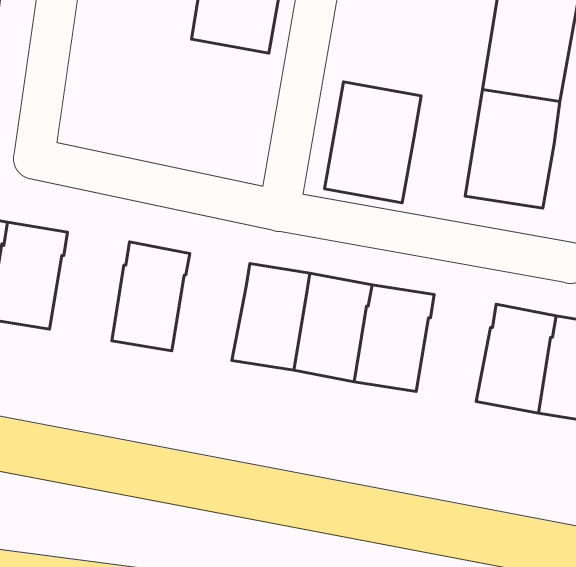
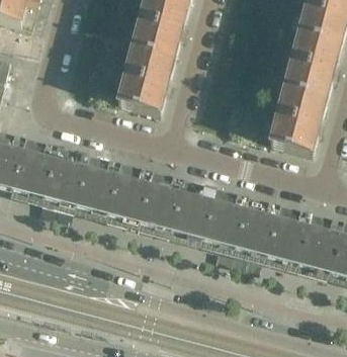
building: [325,82,421,203] -> [115,51,171,117]
building: none -> [41,147,88,206]
building: none -> [105,164,151,222]
building: none -> [233,197,279,256]

